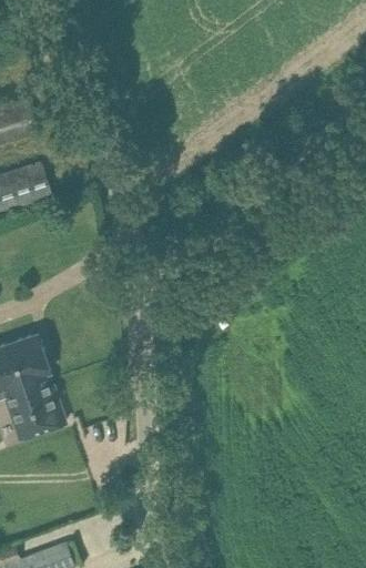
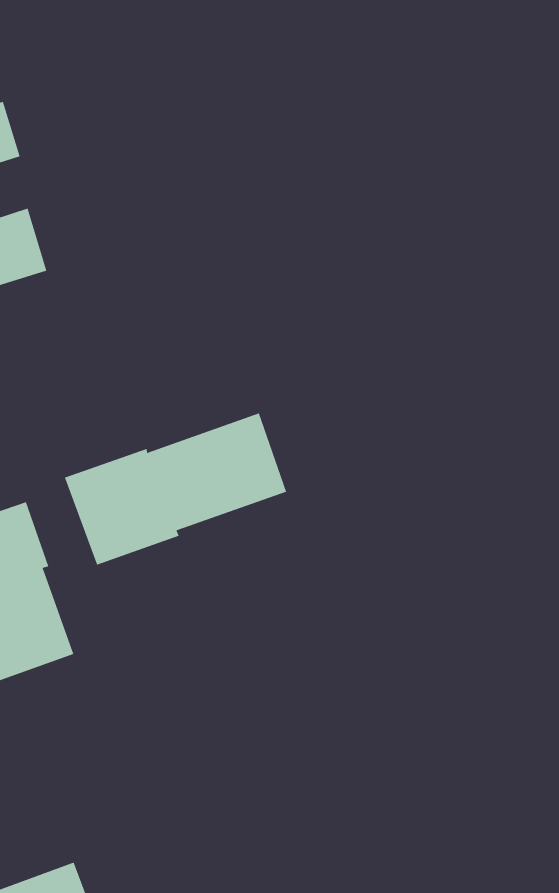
building: none -> [64,413,287,565]

